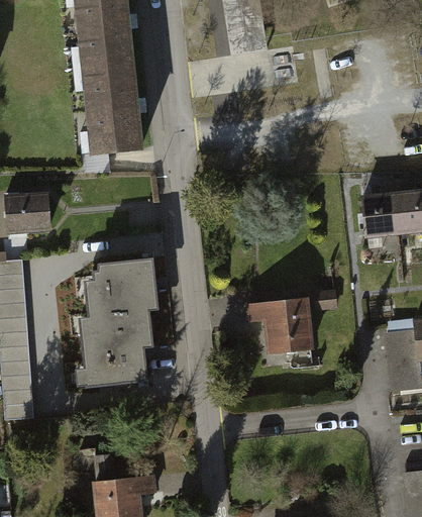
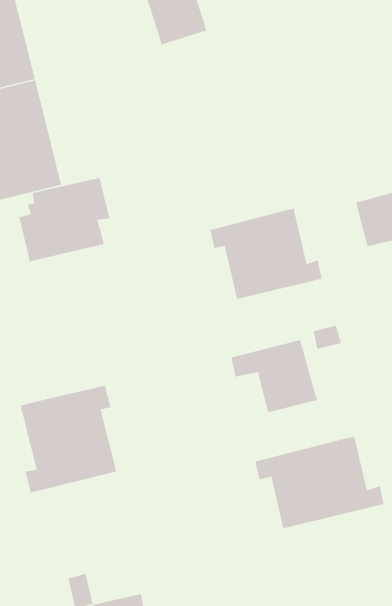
building: none -> [210,208,323,300]
building: [86,257,156,315] -> [19,177,110,262]
building: none -> [255,436,385,529]

